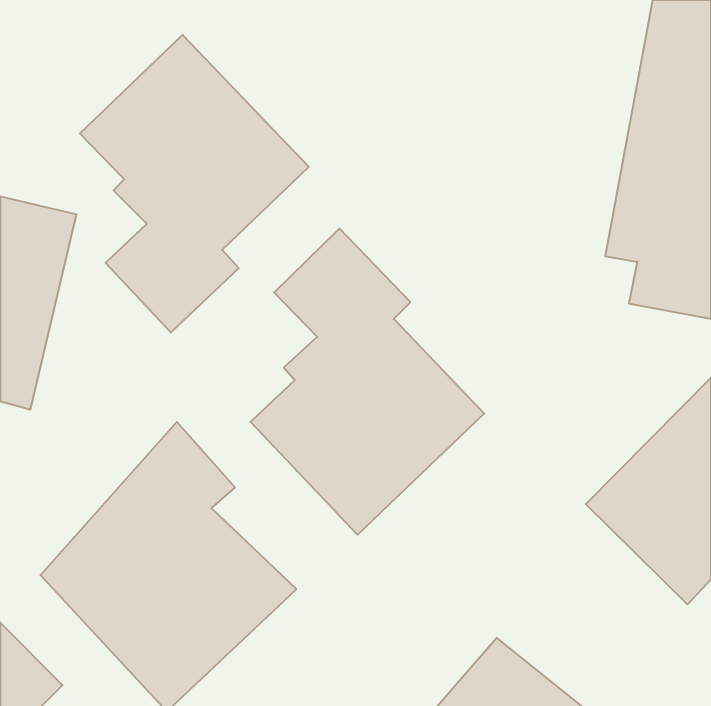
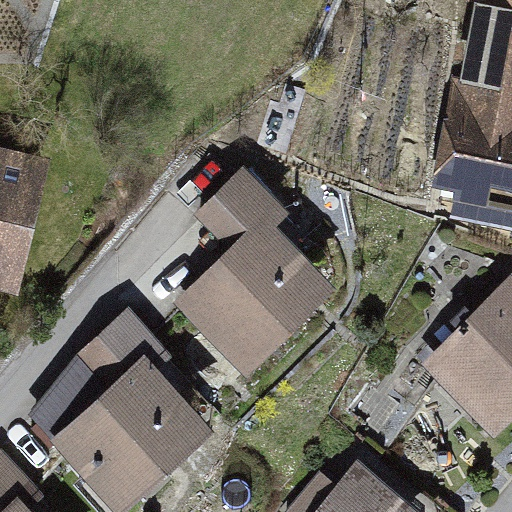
building: [80,35,309,333] -> none

